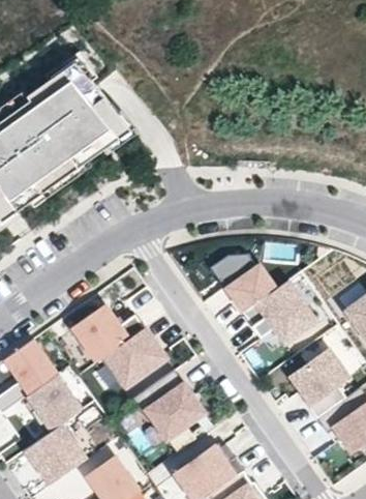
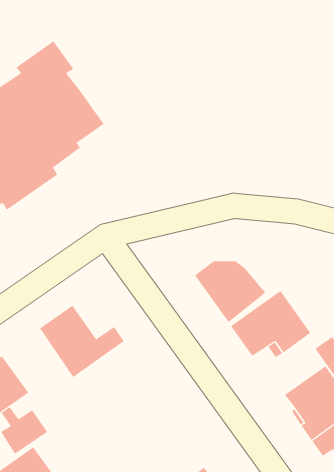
building: [100,329,164,390] -> none
building: [132,371,205,441] -> none

